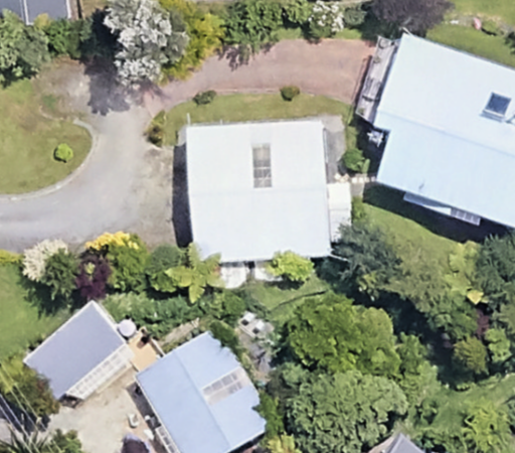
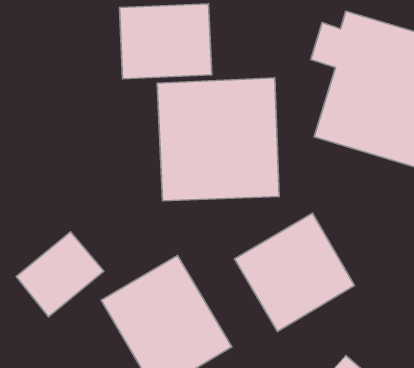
building: none -> [120,4,212,79]
building: none -> [235,213,355,331]

